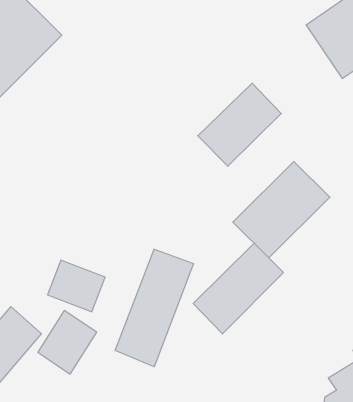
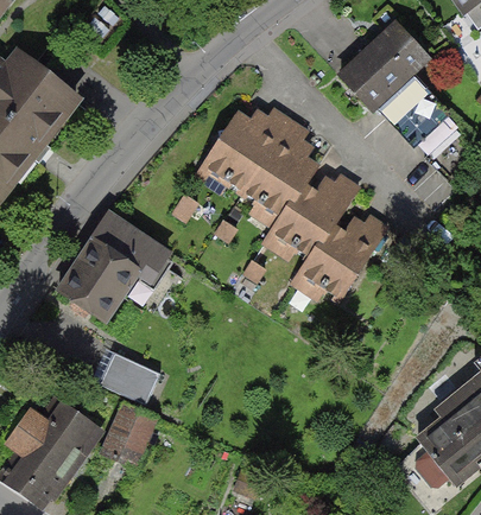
building: none -> [202,98,290,191]
building: none -> [59,211,171,325]
building: [193,243,283,334] -> [260,167,353,269]
building: [115,249,193,367] -> none

